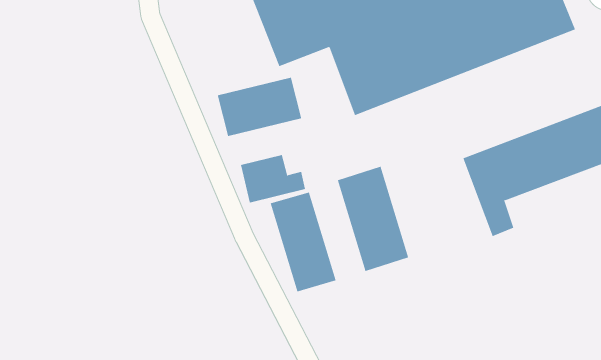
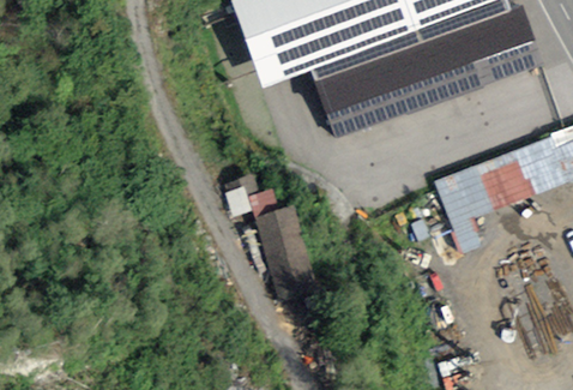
building: [217,77,302,137] -> none
building: [337,166,409,272] -> none

